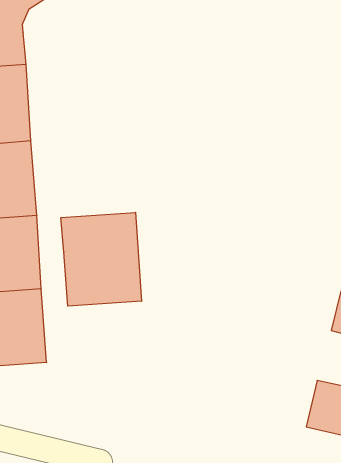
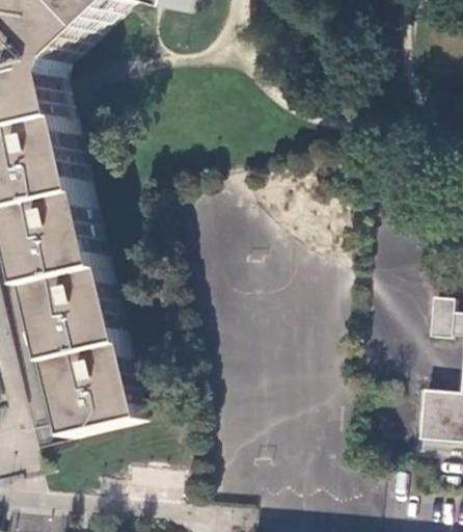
building: [61,212,142,306] -> none

